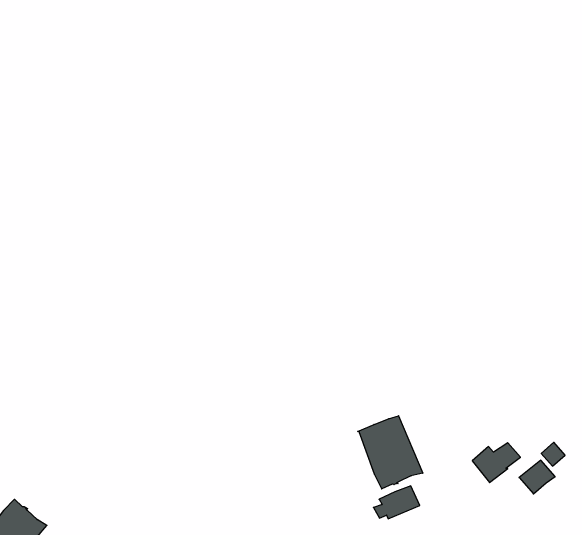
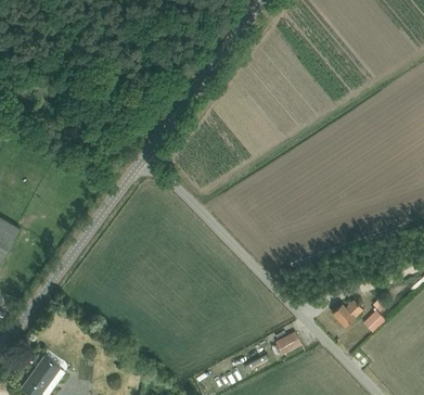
building: [358,416,423,489] -> none

